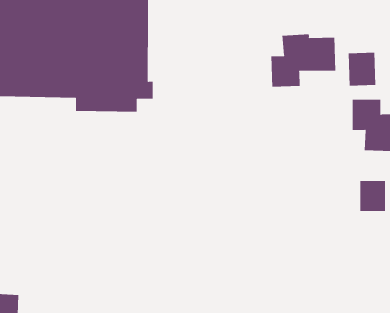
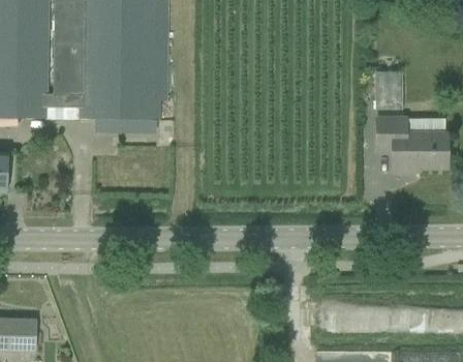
building: [271,33,336,88] -> none
building: [360,180,385,212] -> none

